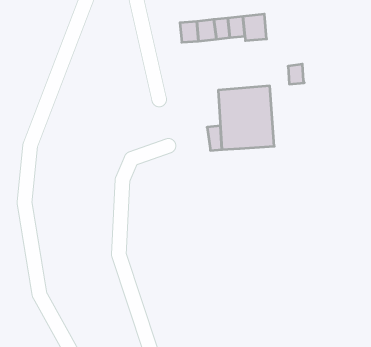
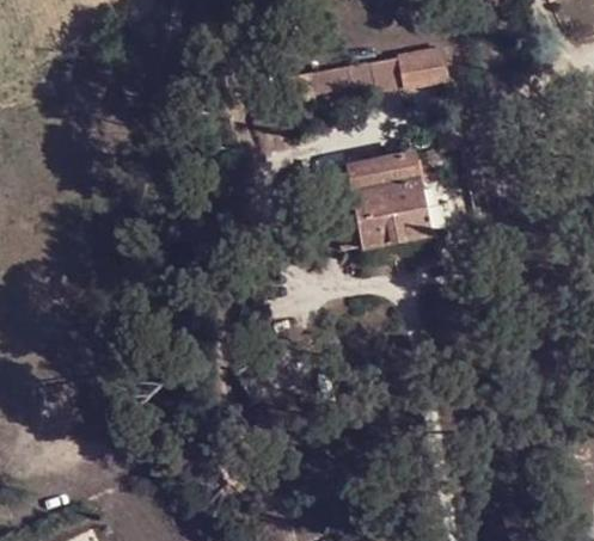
building: none -> [403,48,452,88]

